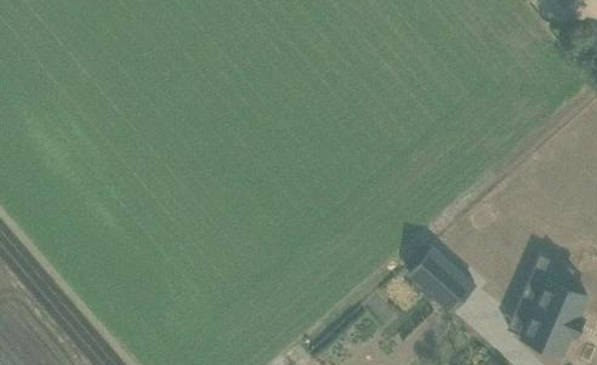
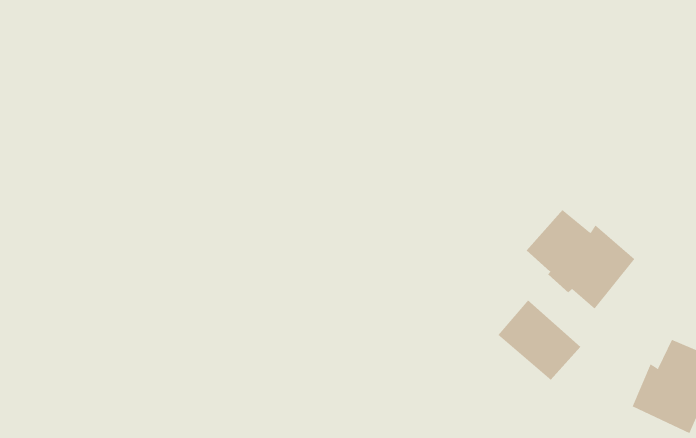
building: none -> [526,209,635,310]

